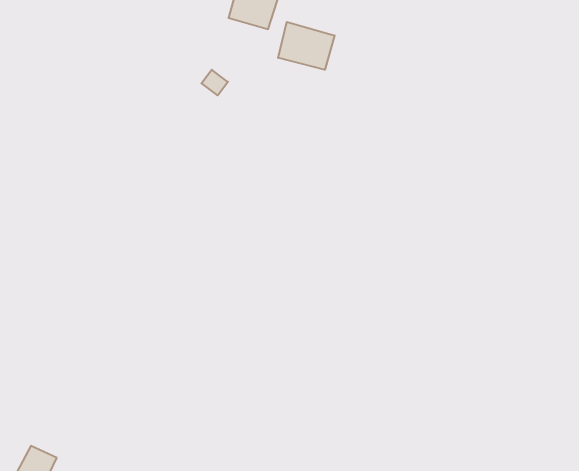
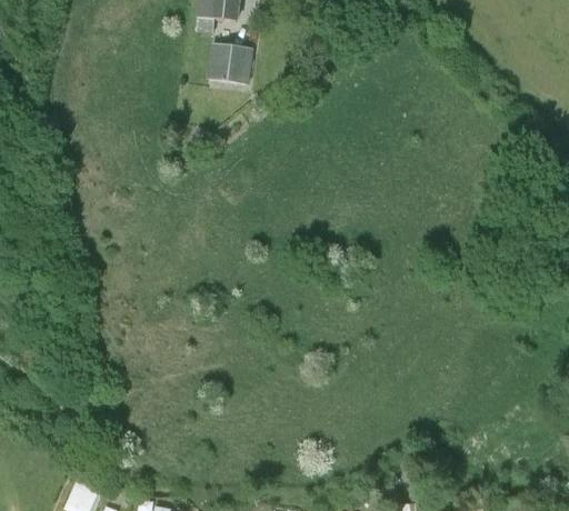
building: [278,22,335,70] -> none

